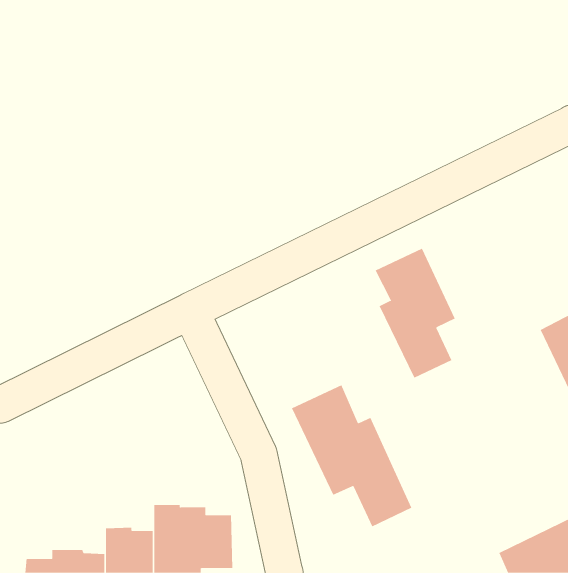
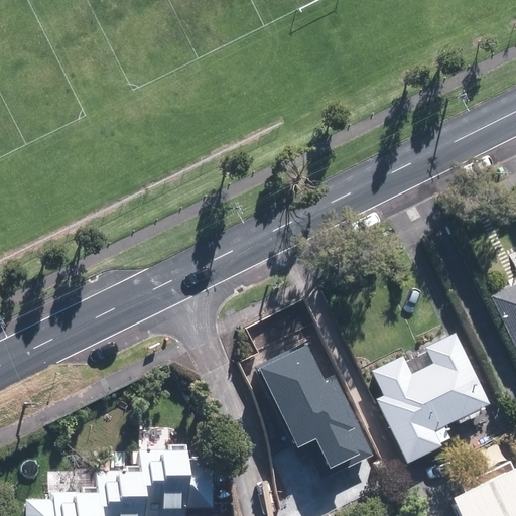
building: [375,248,456,379] -> none
building: none -> [367,331,486,461]

